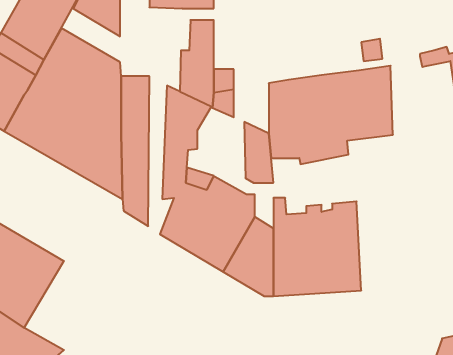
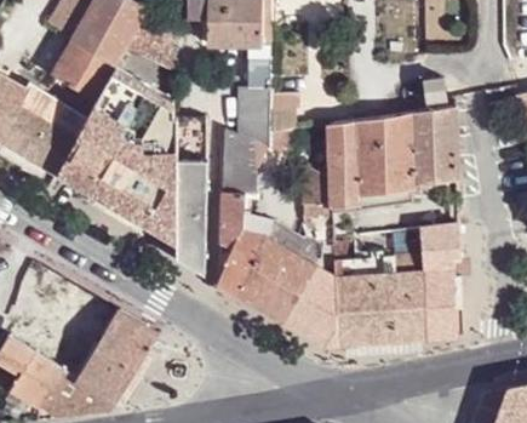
building: none -> [419,225,460,341]
building: none -> [75,310,159,402]

